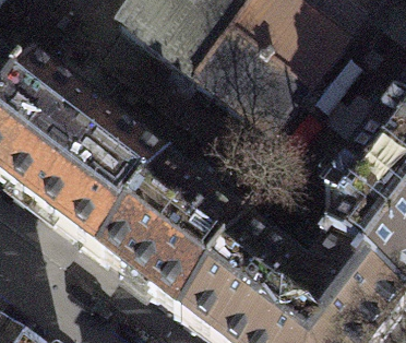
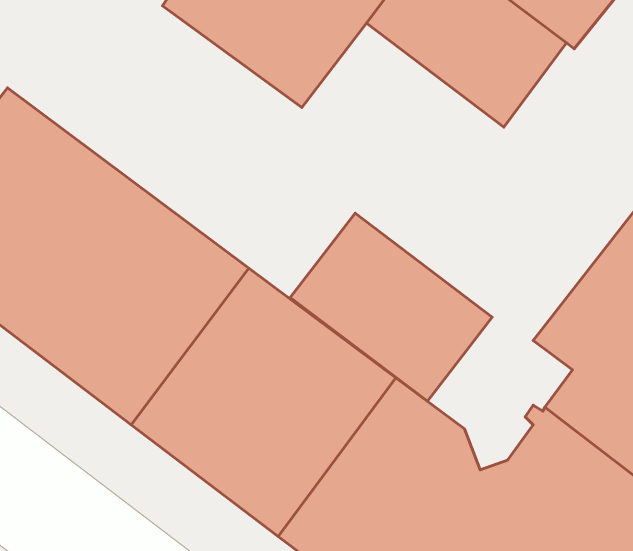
building: [200,24,312,129] -> [290,213,492,401]

